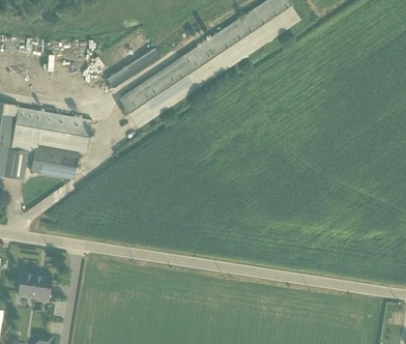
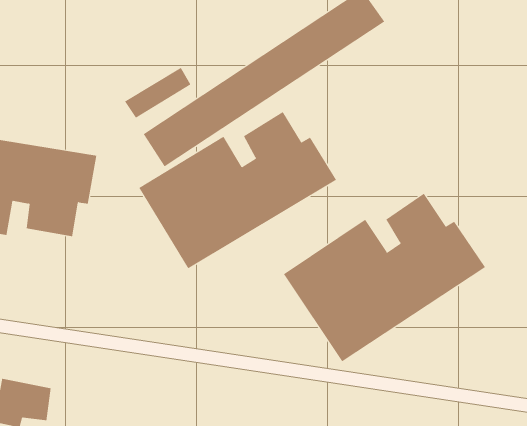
building: none -> [139,111,337,269]
building: none -> [283,193,486,362]

